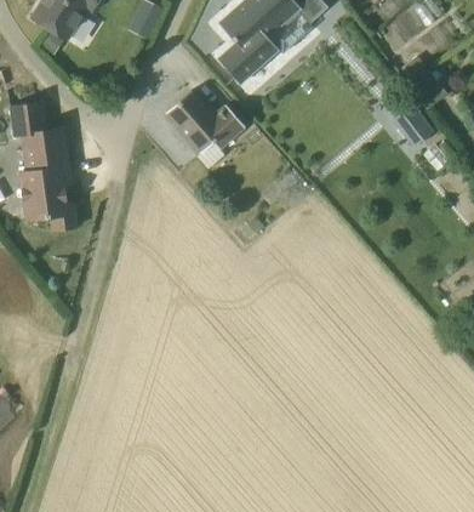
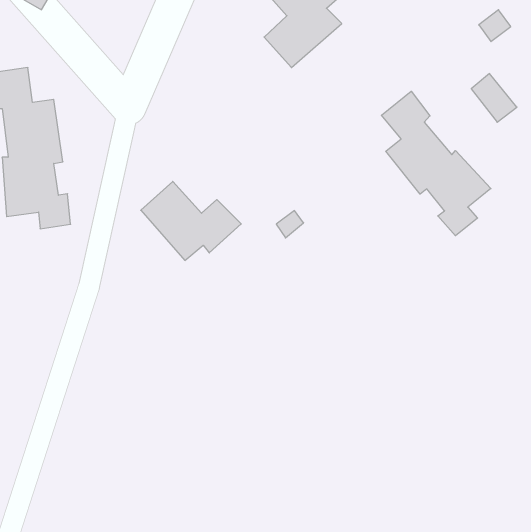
building: [165,89,245,152] -> [141,181,241,260]
building: none -> [381,91,491,236]

